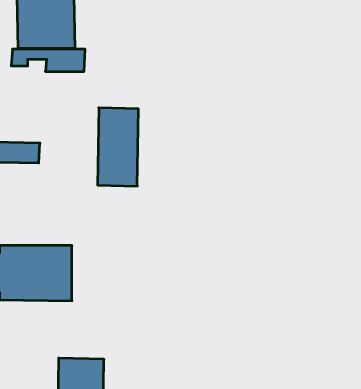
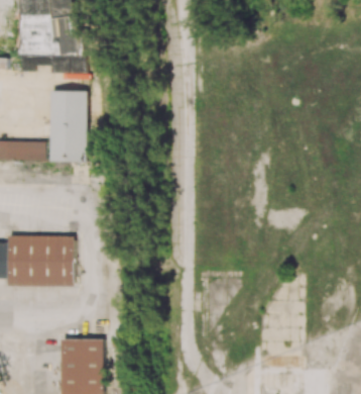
building: [98,108,138,186] -> [48,90,86,162]

